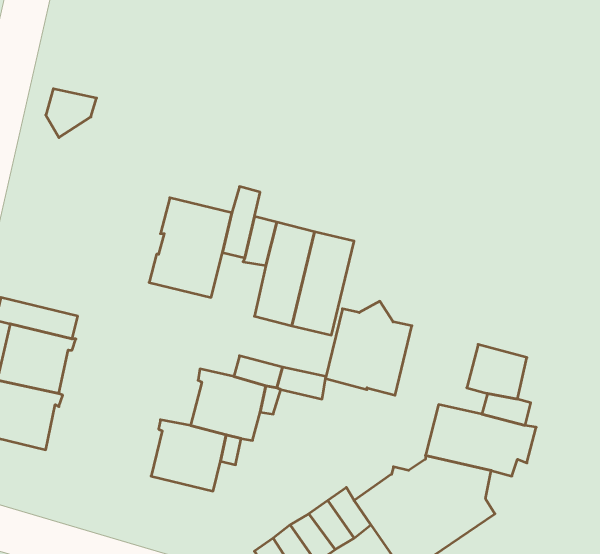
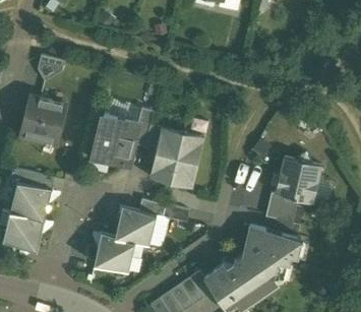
building: none -> [20,97,65,144]
building: [325,301,412,395] -> [275,152,321,203]

